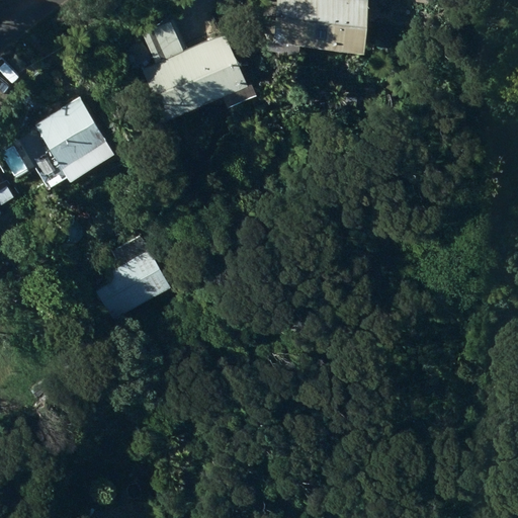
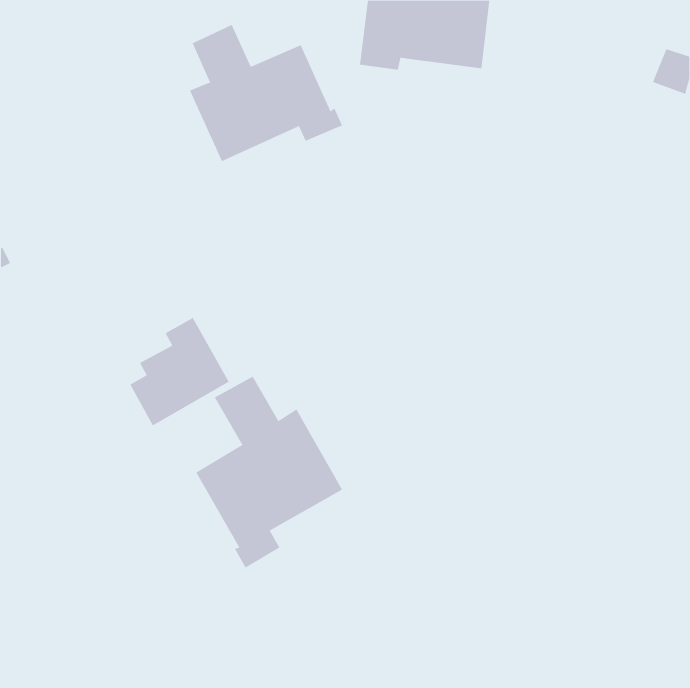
building: [29,85,107,181] -> none
building: none -> [195,376,343,569]

